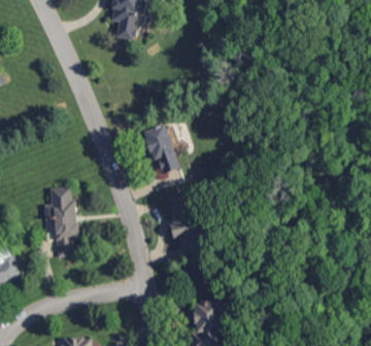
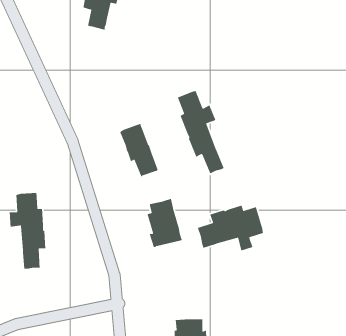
building: none -> [177,90,225,175]
building: none -> [197,205,264,251]

